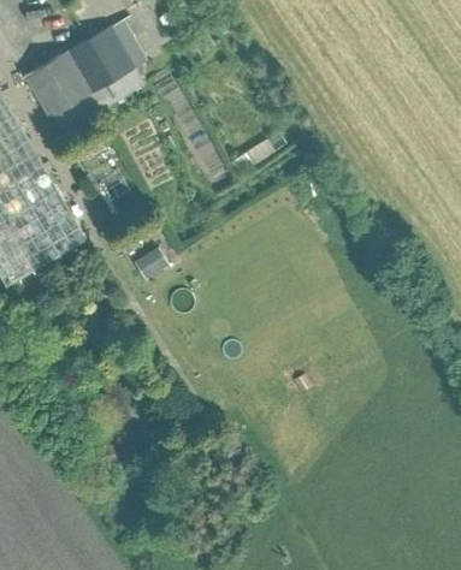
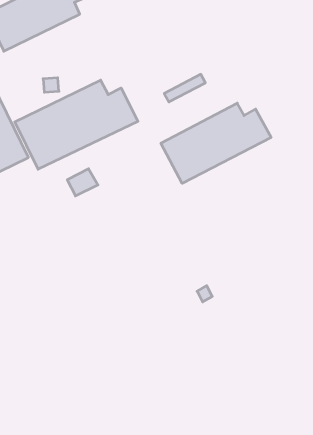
building: none -> [15,80,138,169]
building: none -> [161,103,271,183]

